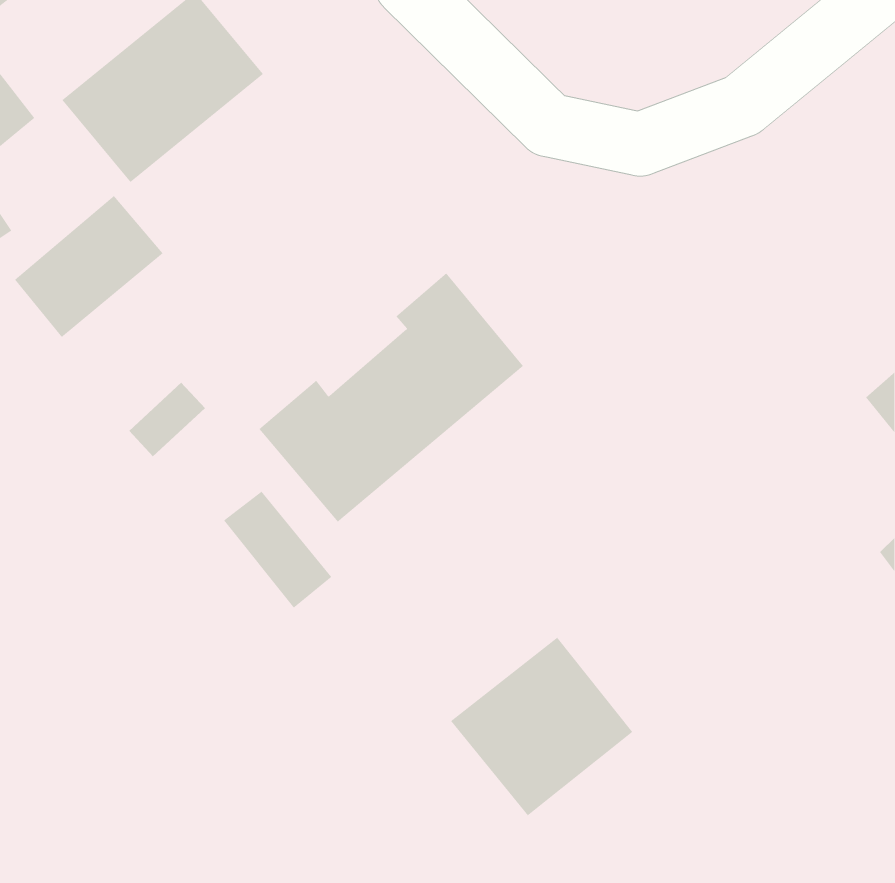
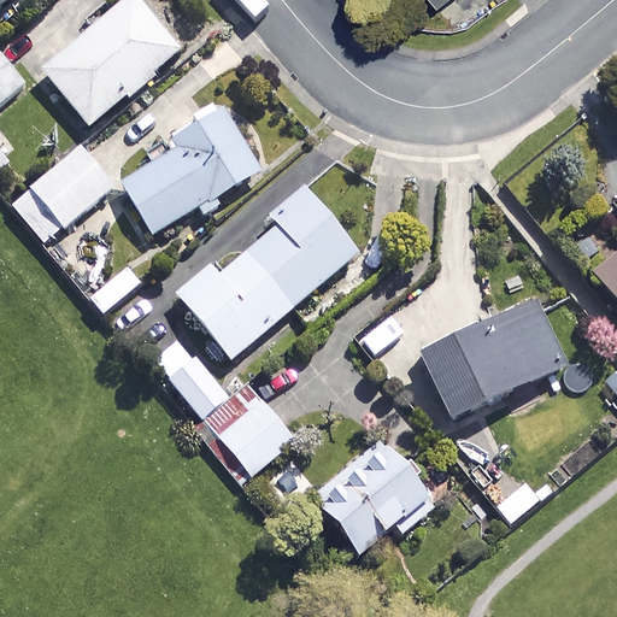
building: none -> [117,92,260,224]
building: none -> [423,305,566,424]
building: none -> [218,399,294,474]

